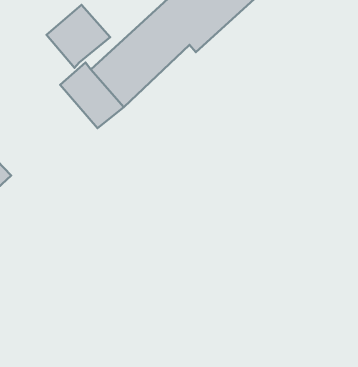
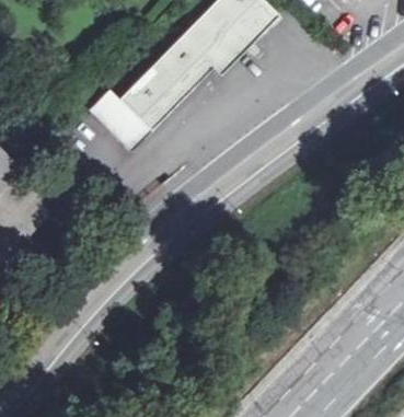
building: [47,5,110,68] -> none

